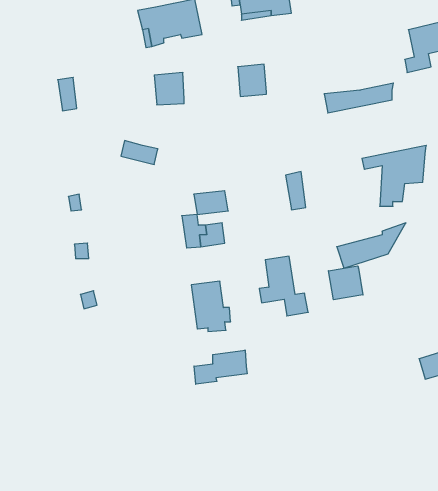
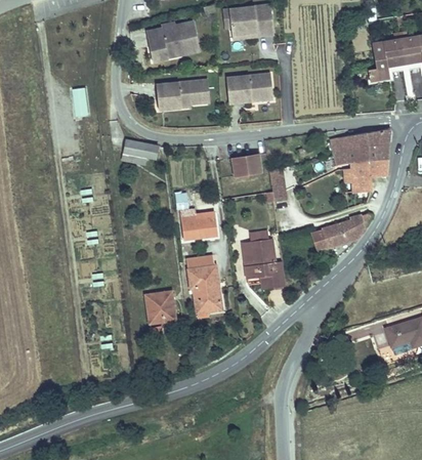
building: none -> [250,74,272,99]
building: none -> [180,82,209,106]
building: [324,83,393,113] -> [331,131,390,157]
building: [194,191,228,215] -> [231,158,261,178]
building: [328,266,363,300] -> none
building: none -> [143,285,172,315]
building: [194,350,247,384] -> none

